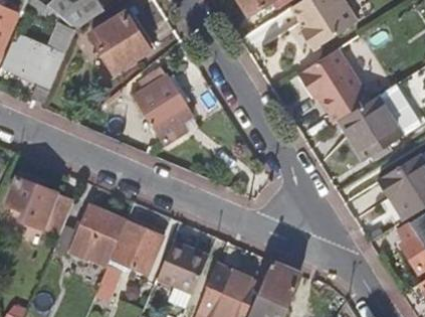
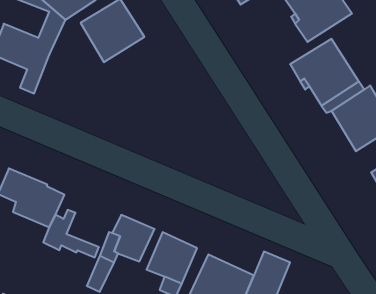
building: [134,72,190,140] -> none
building: [75,205,123,256] -> none

